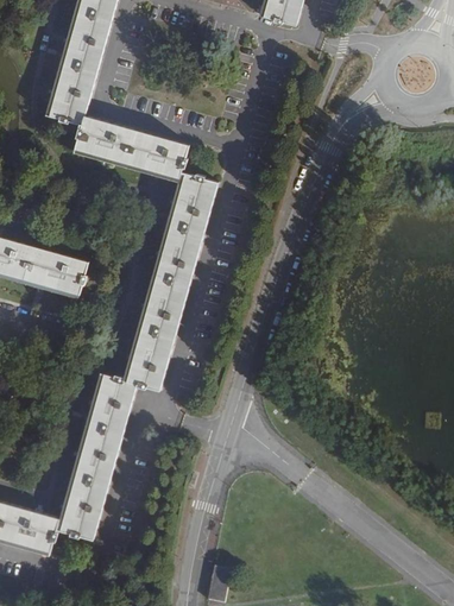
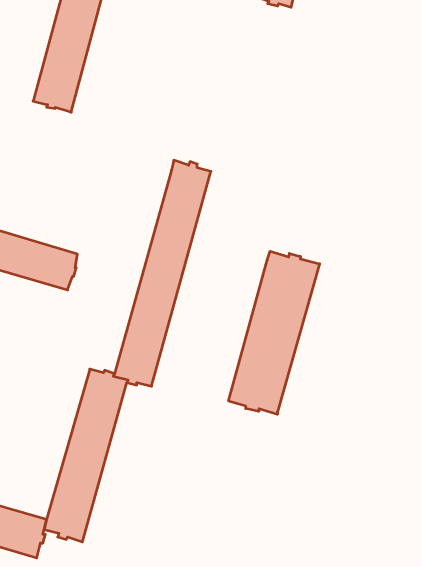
building: [75,116,189,182] -> none
building: none -> [229,251,320,414]

